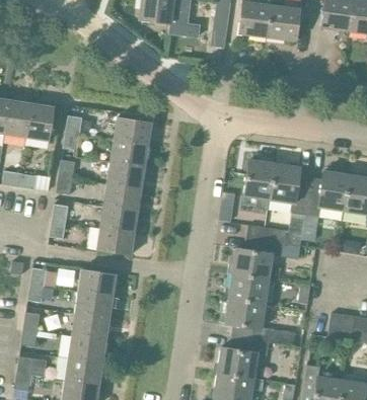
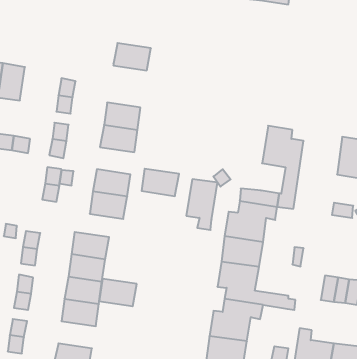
building: [26,103,54,141] -> none
building: [114,116,151,144] -> [113,43,151,70]
building: [243,159,275,210] -> [186,179,218,230]
building: [300,170,349,245] -> none
building: [103,183,141,211] -> [142,169,179,196]
building: [65,357,102,385] -> [99,279,137,306]

